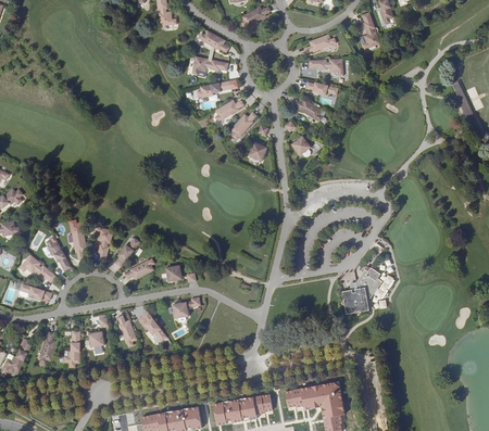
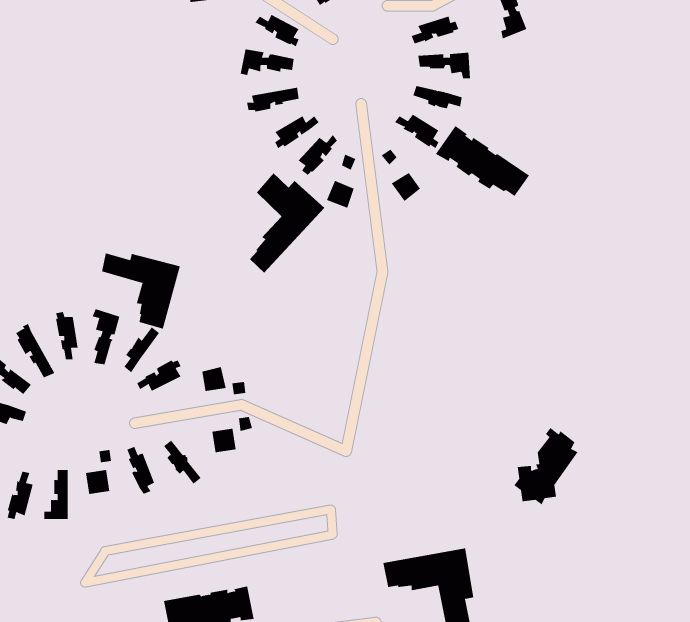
building: none -> [435,125,530,197]
building: none -> [249,172,325,273]
building: none -> [101,252,180,330]
building: [340,265,383,316] -> [514,427,578,505]
building: [213,394,272,424] -> none

